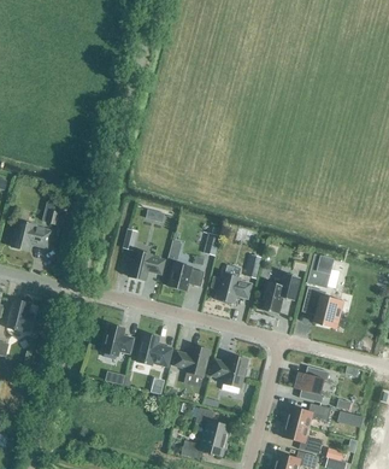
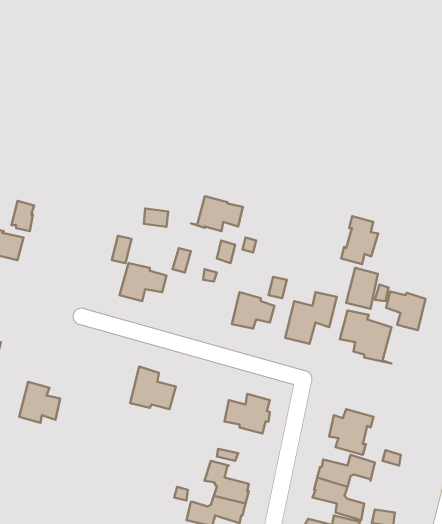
building: none -> [341,216,378,264]
building: [164,262,205,289] -> [191,196,243,231]
building: none -> [386,291,426,330]
building: [102,323,135,356] -> [19,382,60,423]
building: [175,345,211,375] -> none

